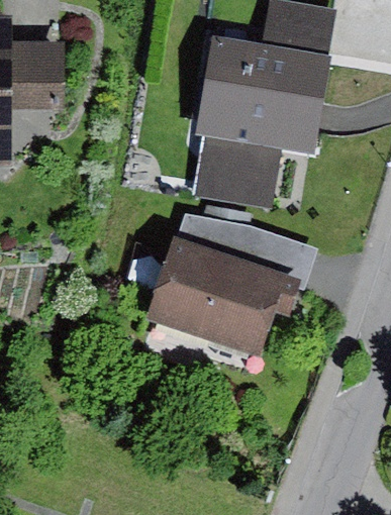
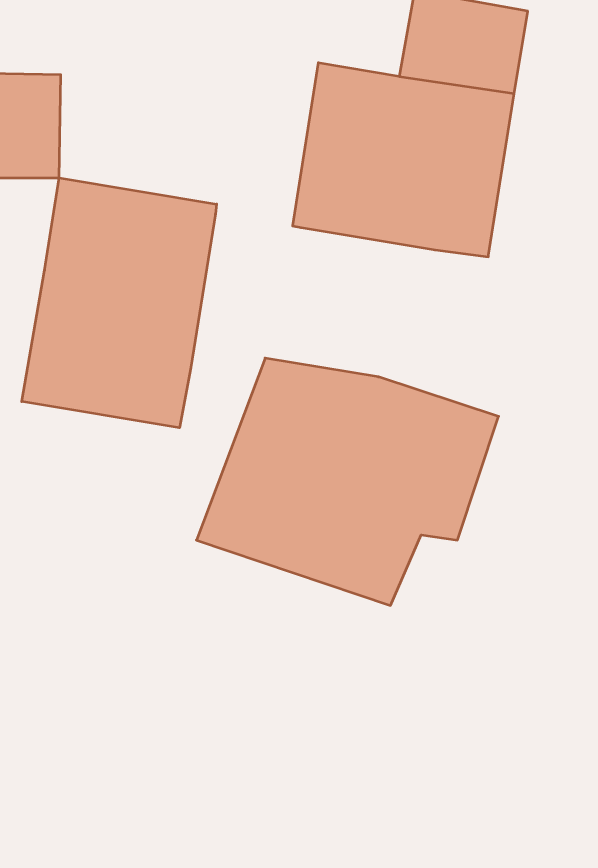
building: none -> [22,178,217,428]
building: [193,135,282,208] -> none

